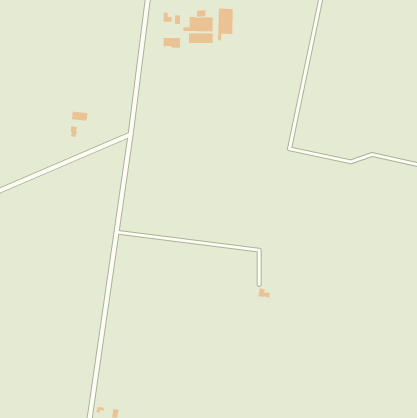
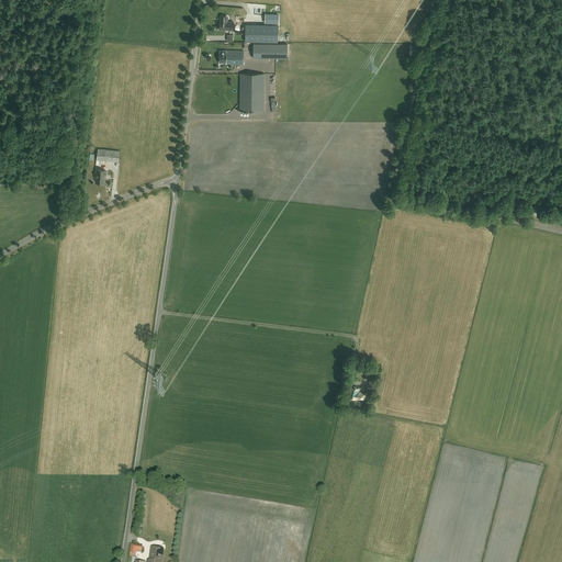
building: [217,8,233,41] -> none
building: none -> [239,74,263,111]

